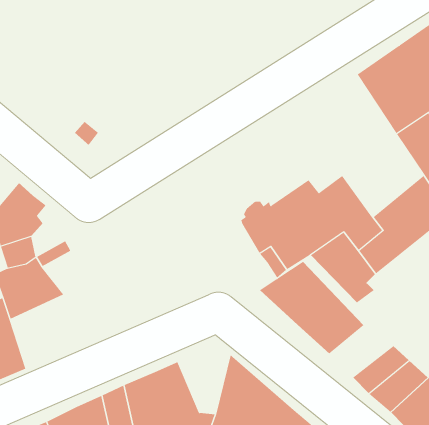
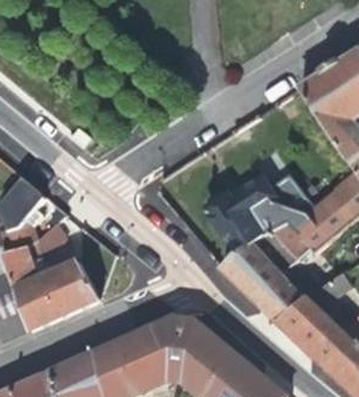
building: none -> [13,260,100,331]
building: none -> [276,271,353,338]
building: none -> [151,317,195,368]

